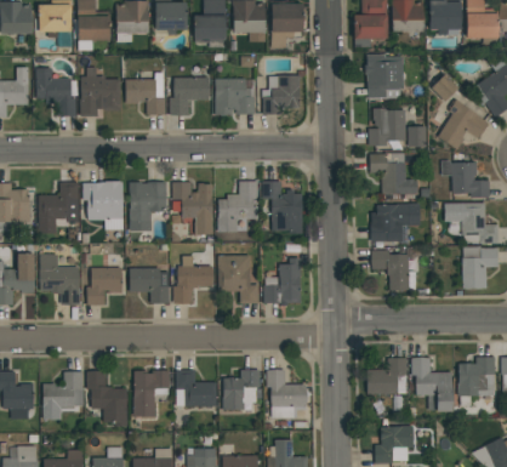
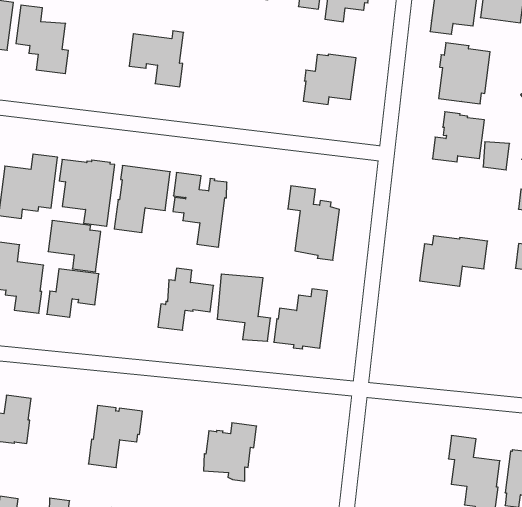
building: [80,76,120,116] -> none
building: [170,78,209,115] -> none
building: [215,79,255,114] -> none
building: [369,153,417,194] -> none
building: [217,181,258,232] -> none
building: [371,250,416,290] -> none
building: [130,268,169,303] -> [48,221,101,272]
building: [366,358,406,394] -> none
building: [176,370,217,406] -> none
building: [267,370,307,418] -> none
building: [87,371,127,426] -> none

